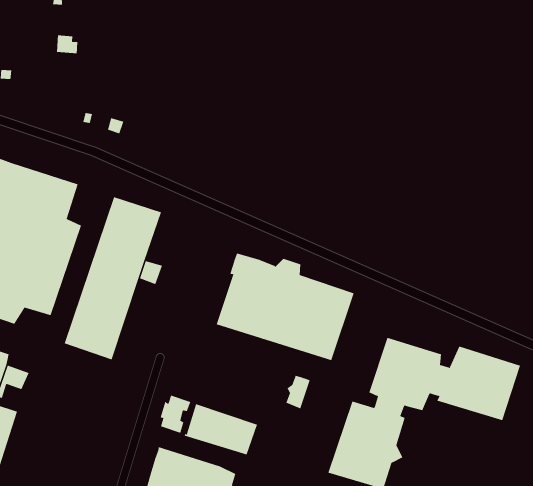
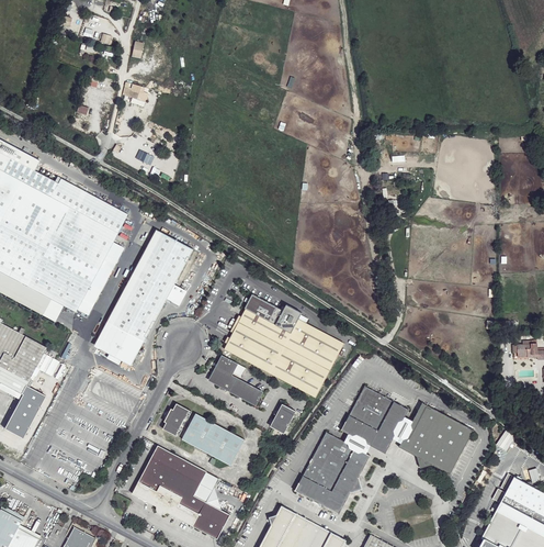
building: none -> [207,355,263,408]

